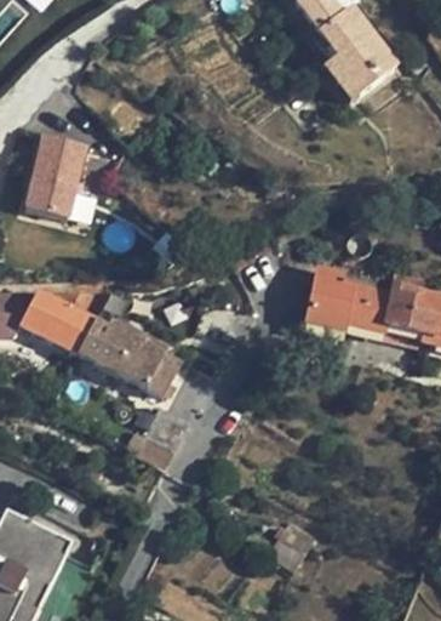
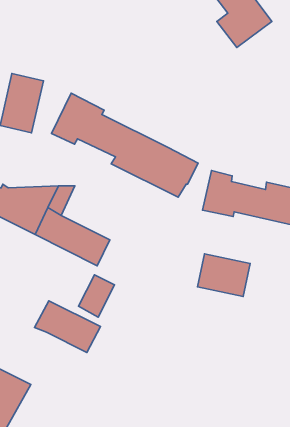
building: none -> [51,93,198,197]
building: none -> [197,254,250,296]
building: none -> [34,301,100,353]

